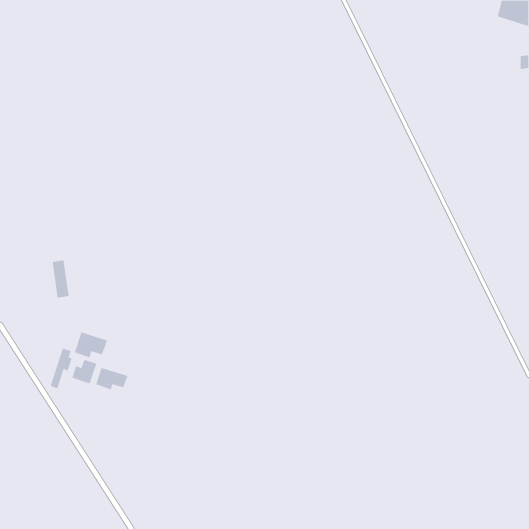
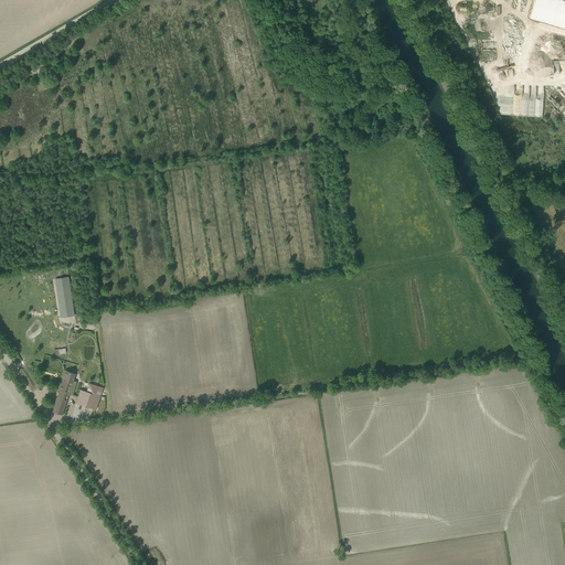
building: [74,332,108,358] -> none
building: [95,367,128,390] -> none

